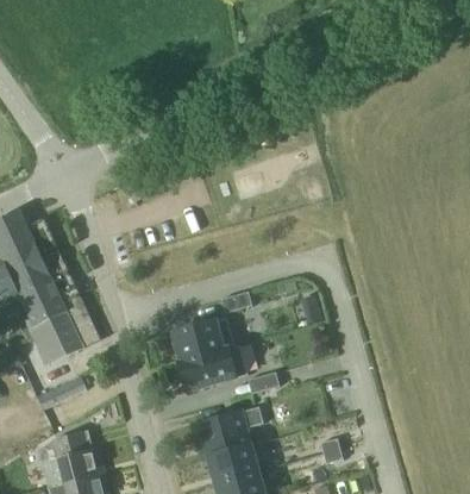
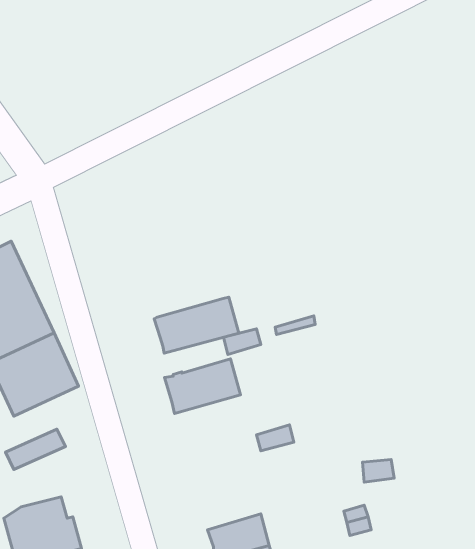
building: [176,345,246,392] -> [154,297,239,353]
building: [194,406,262,459] -> none

